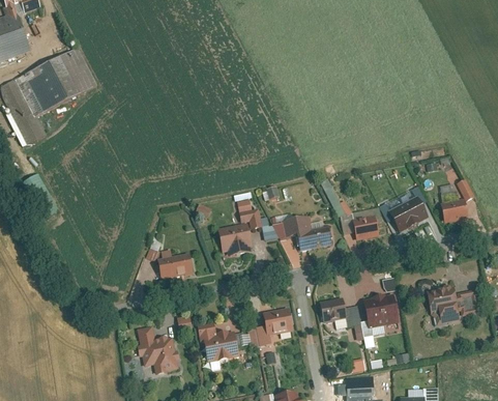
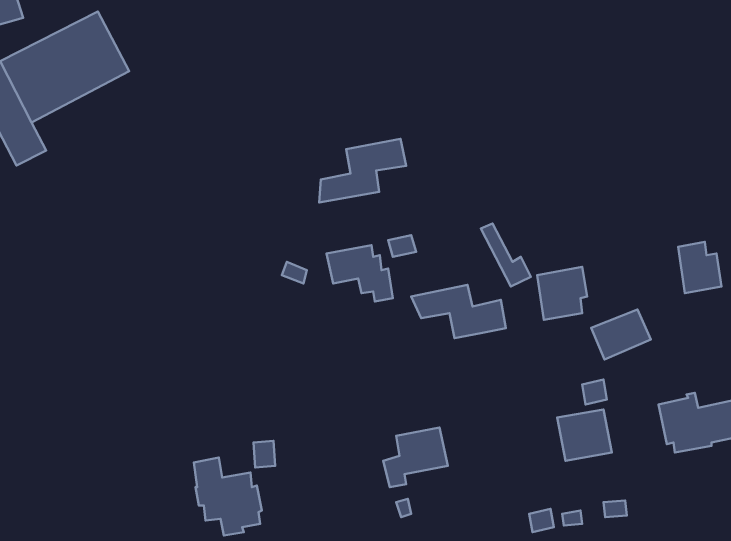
building: none -> [319,139,406,203]
building: [386,199,423,230] -> [591,310,651,359]
building: [217,222,254,256] -> none
building: [158,247,194,279] -> none
building: [321,298,361,326] -> none
building: [197,322,238,362] -> none

